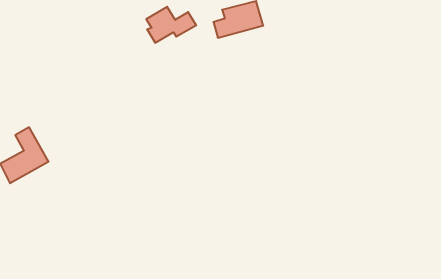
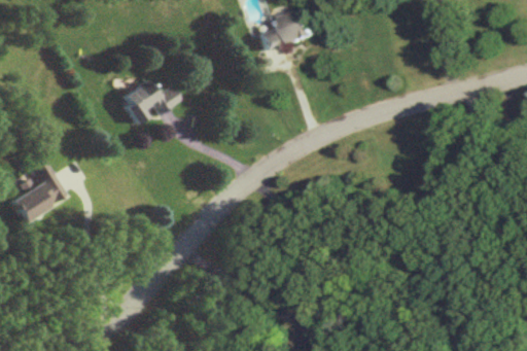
building: [146,7,196,43] -> [114,79,173,121]

